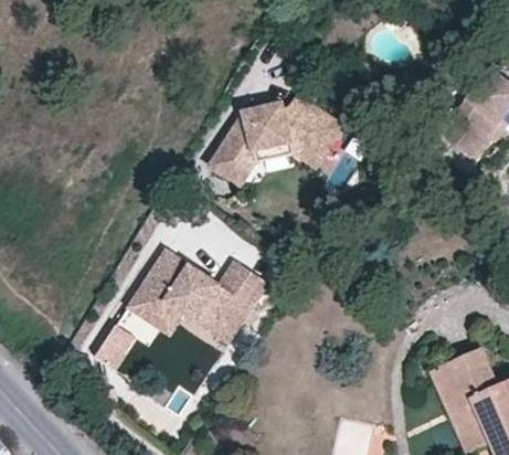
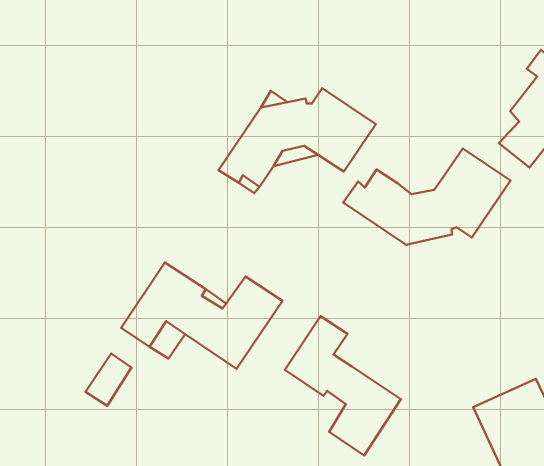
building: none -> [343,149,510,245]
building: none -> [285,316,401,455]

